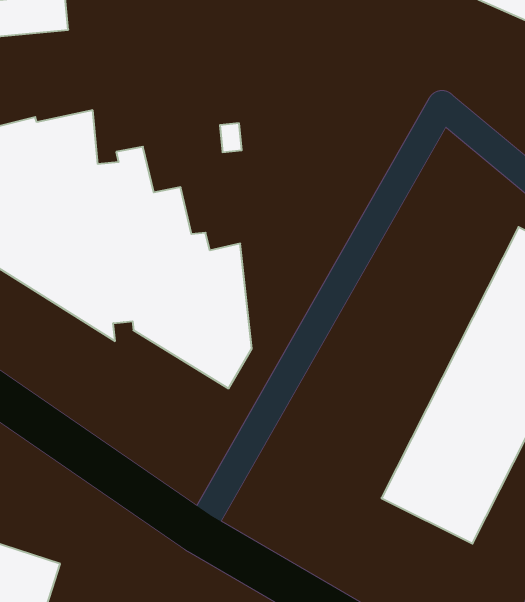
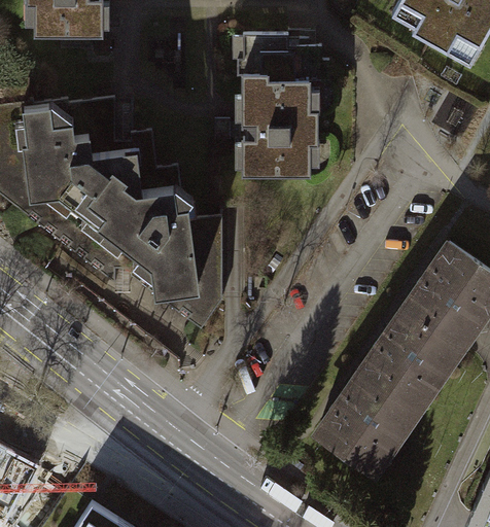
building: none -> [238,38,330,177]

